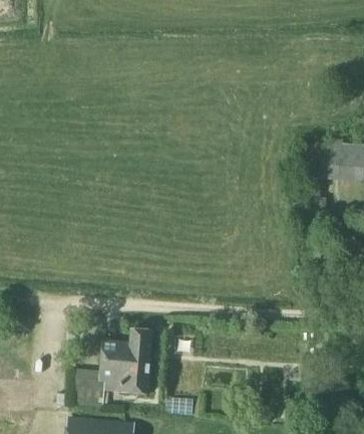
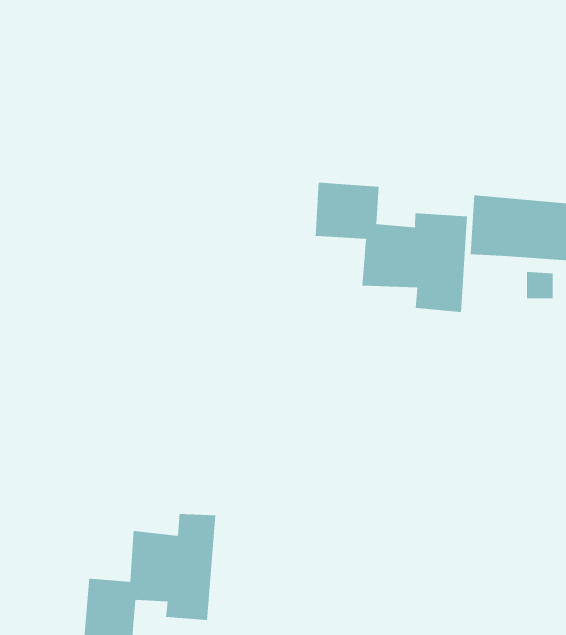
building: none -> [315,182,468,313]

